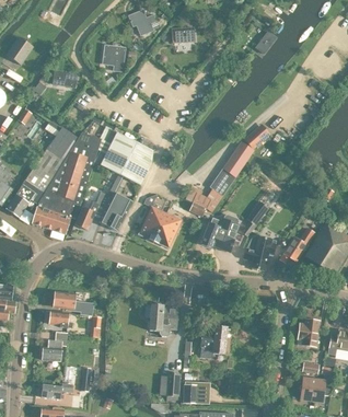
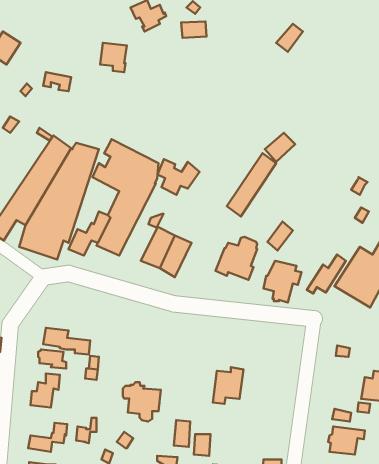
building: [186,186,222,217] -> [158,159,199,195]
building: [144,303,177,337] -> [123,382,161,421]
building: [298,318,321,347] -> none

